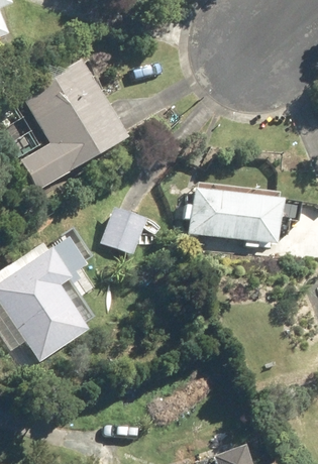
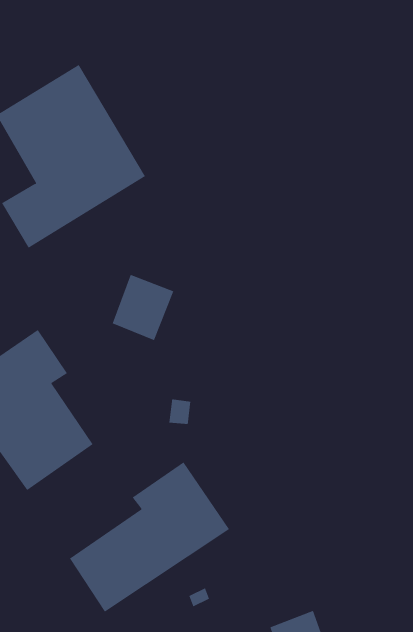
building: [189,187,285,244] -> none
building: none -> [69,462,230,612]

